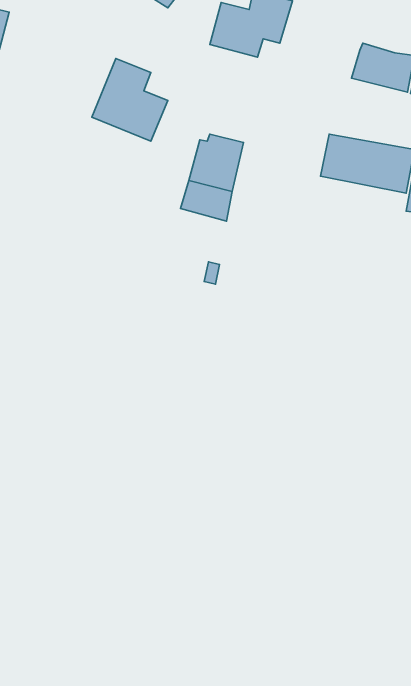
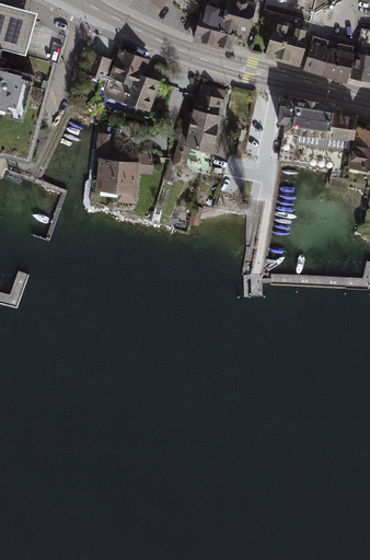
building: none -> [265,19,310,62]
building: none -> [194,83,226,114]
building: none -> [94,133,154,203]

